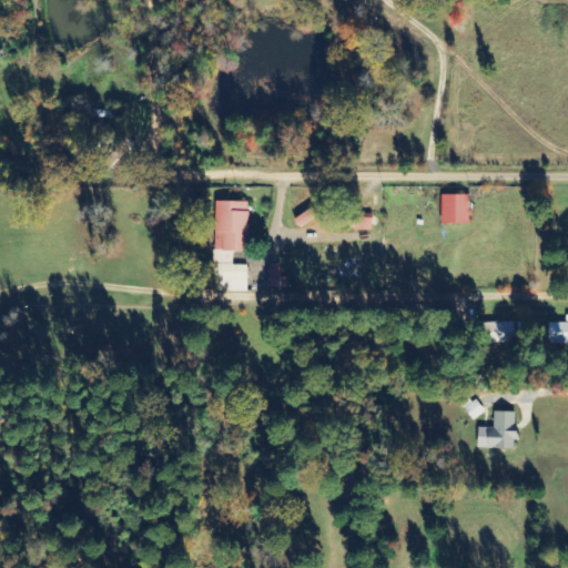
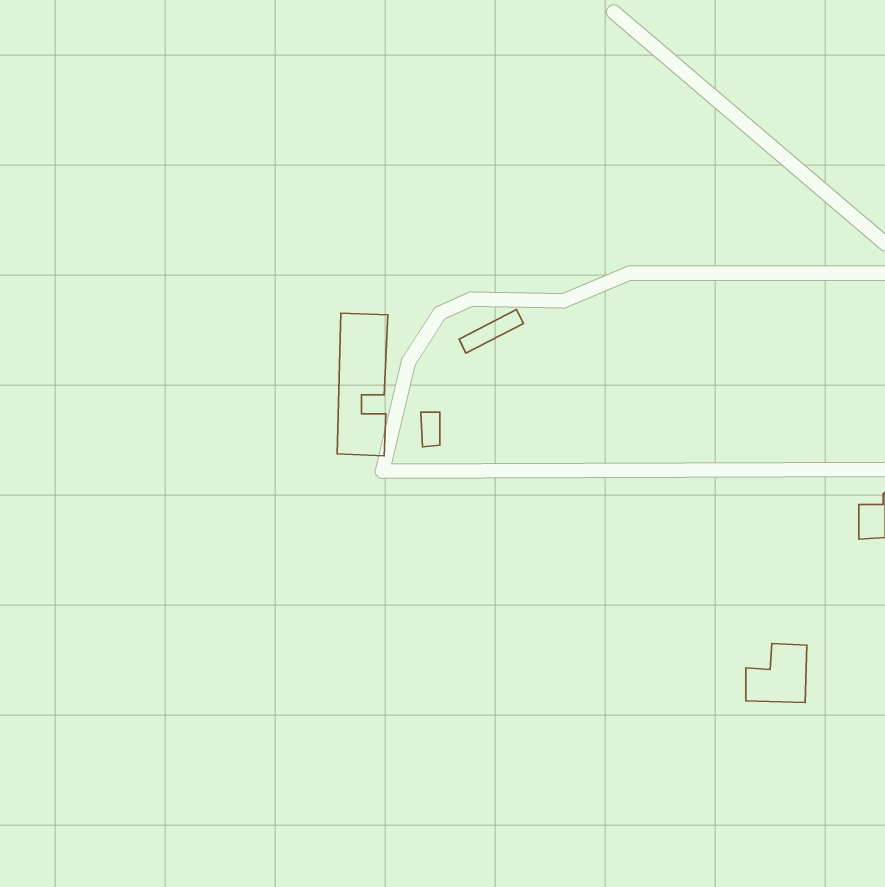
building: [440,193,468,223] -> none
building: [487,321,514,343] -> none

